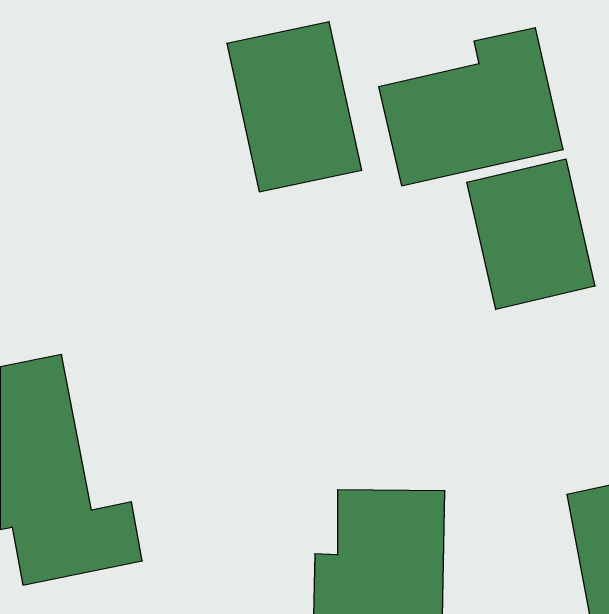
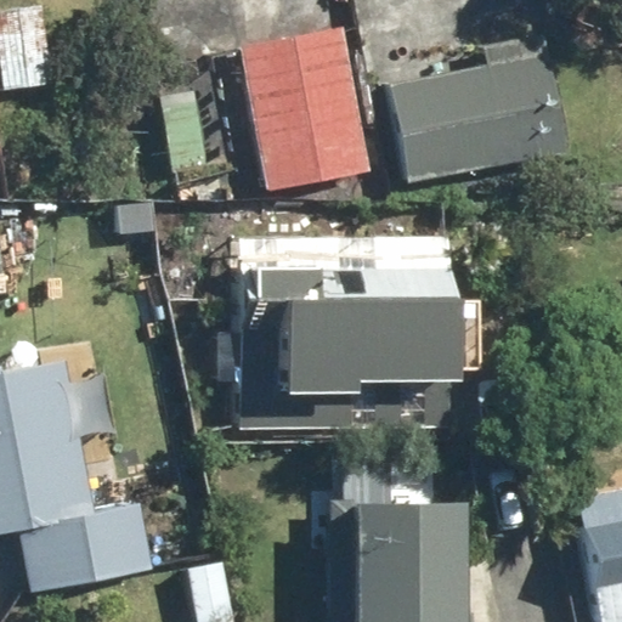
building: [467,159,595,310] -> none
building: none -> [241,237,448,394]

